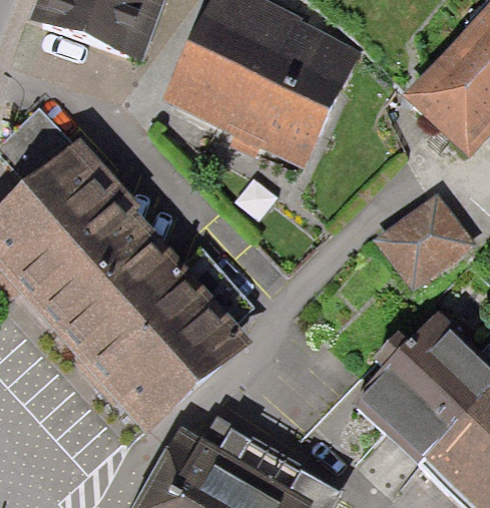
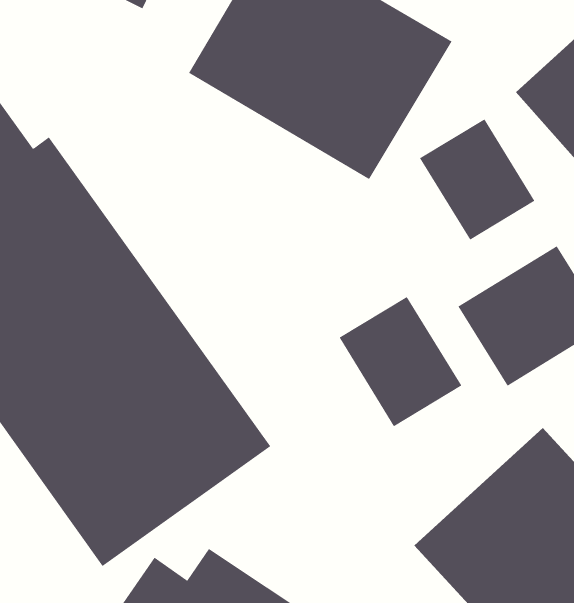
building: none -> [419,118,535,241]
building: none -> [339,296,462,427]

